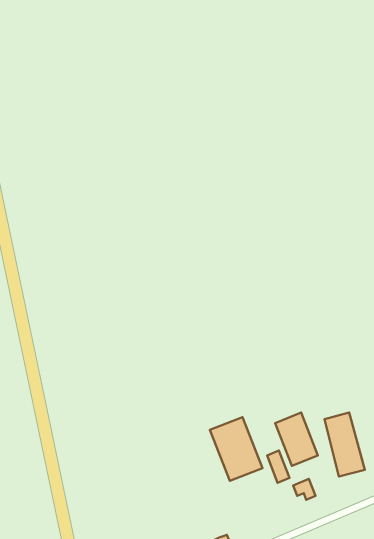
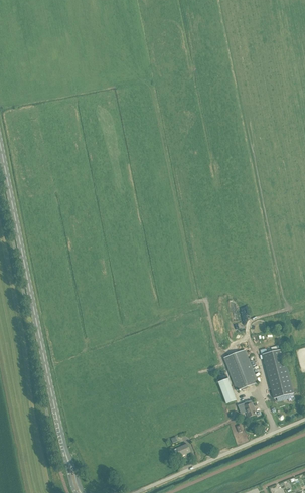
building: [210,417,263,481] -> none

